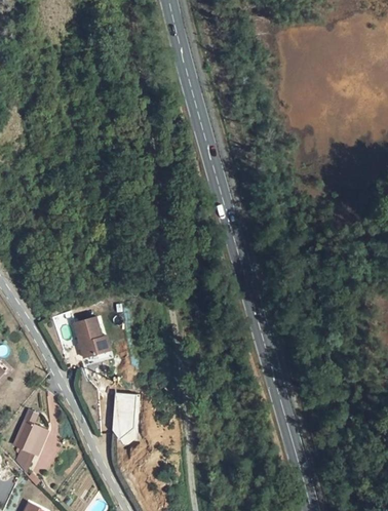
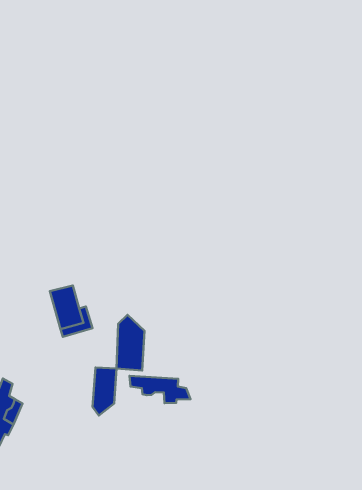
building: none -> [116,315,145,370]
building: none -> [130,376,190,403]

